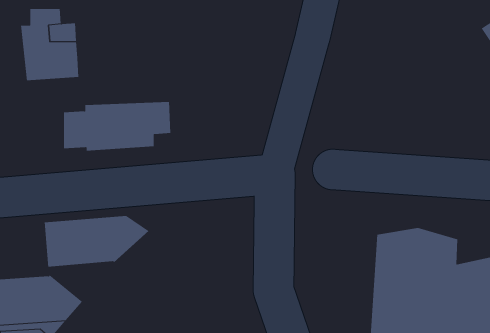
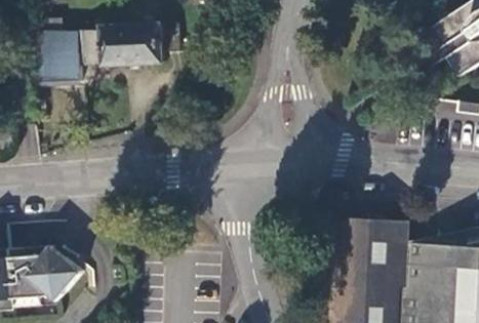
building: [63,101,171,151] -> [84,21,177,64]
building: [44,215,150,267] -> none

